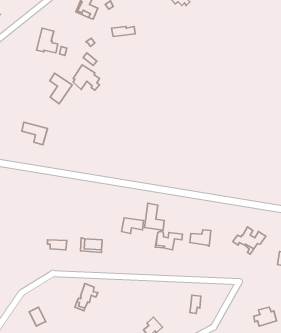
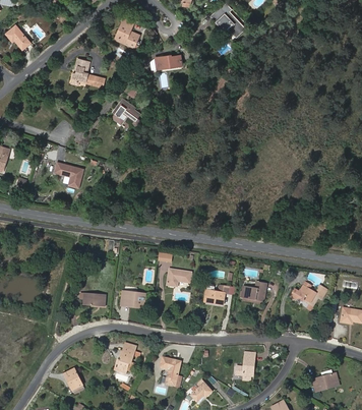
building: [50,73,72,104] -> none
building: [144,203,164,230] -> none
building: none -> [160,357,181,387]

